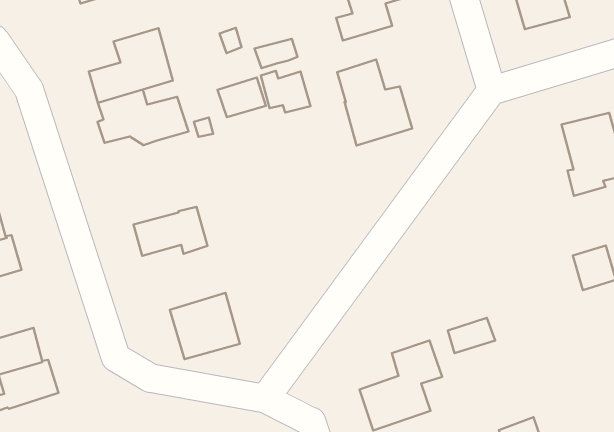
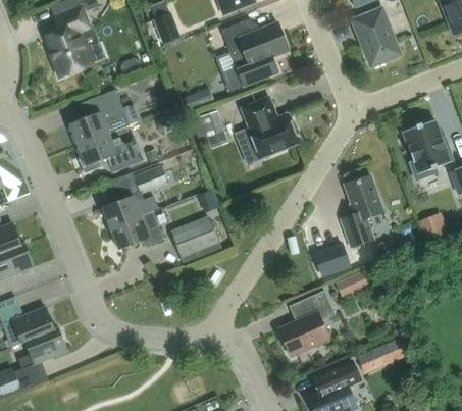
building: [218,77,266,117] -> [134,164,168,194]
building: none -> [101,195,140,227]
building: none -> [341,174,383,247]
building: none -> [314,245,352,279]
building: [170,293,240,359] -> [171,215,222,264]

